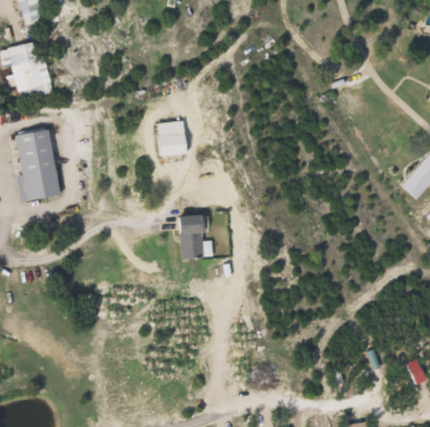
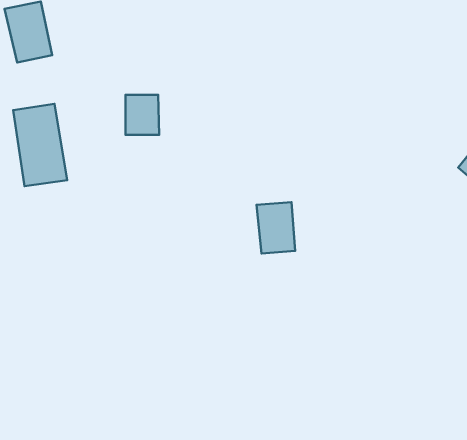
building: [158,121,188,156] -> [125,95,159,135]
building: [177,214,211,259] -> [256,202,295,253]

